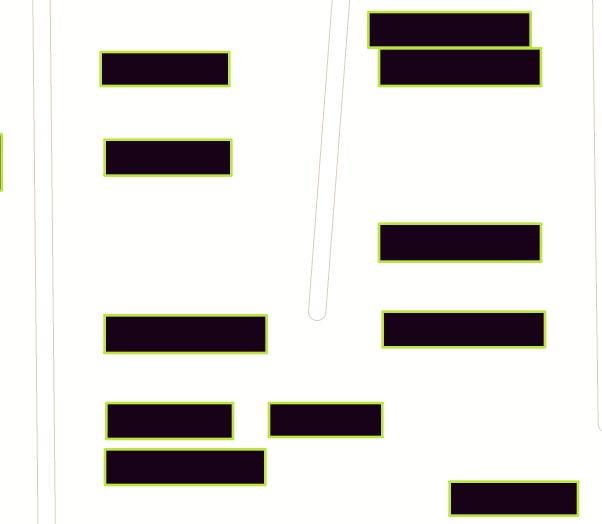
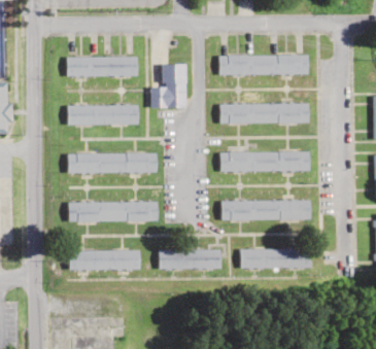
building: [368,12,531,48] -> [219,103,309,123]
building: none -> [150,65,185,107]
building: [105,449,265,485] -> [68,153,157,173]
building: [449,482,578,515] -> [241,249,312,268]

